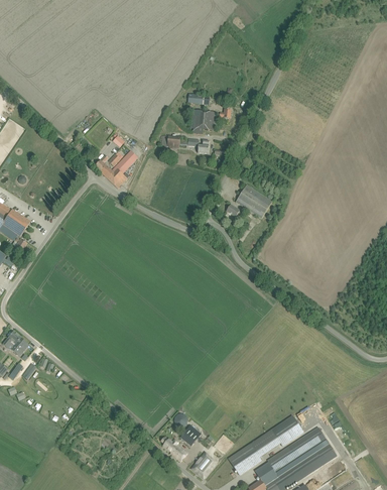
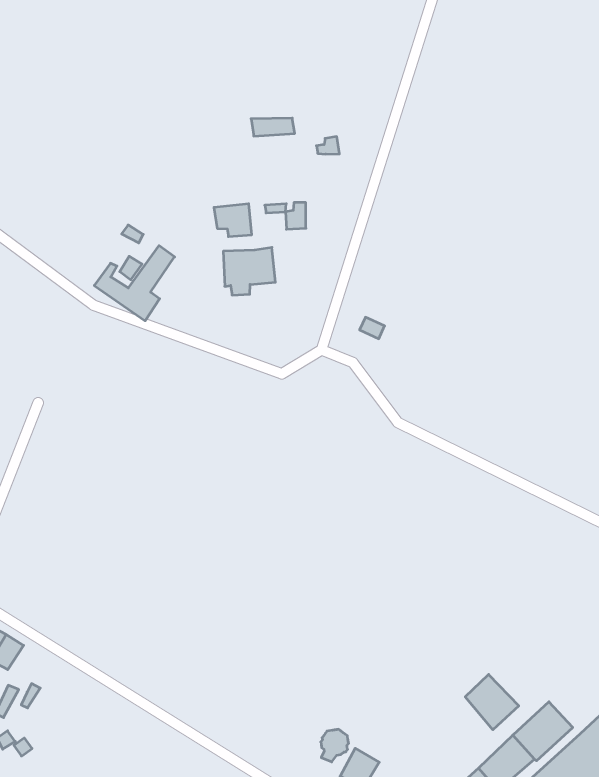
building: [190,109,218,133] -> [223,247,275,295]
building: [236,185,273,218] -> none
building: none -> [465,674,519,730]

